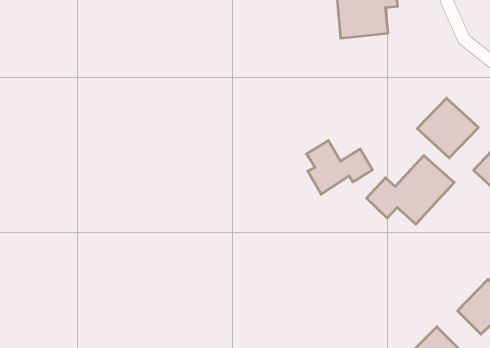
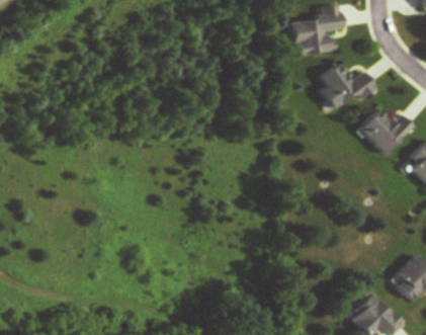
building: [306,140,372,194] -> [320,64,374,108]
building: [367,155,454,224] -> none

